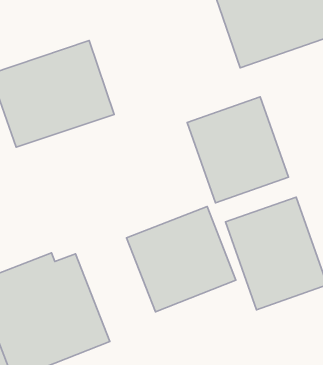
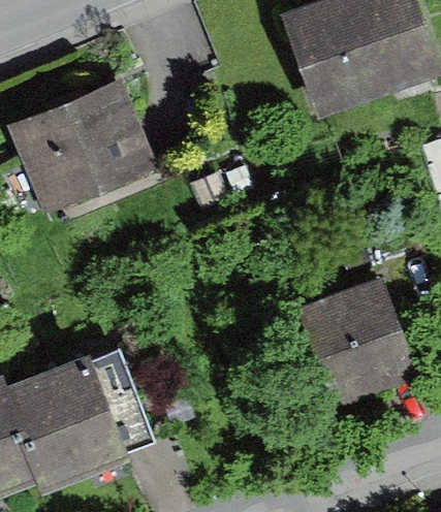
building: [187,97,288,203] -> none
building: [127,206,236,312] -> none

